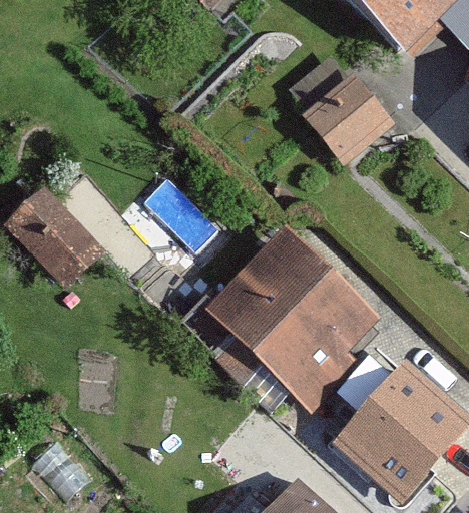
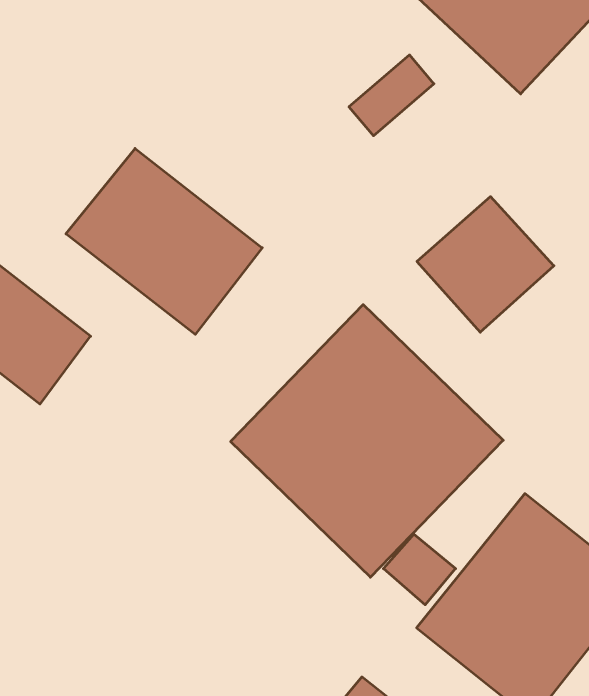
building: [299,66,394,160] -> [417,197,554,332]
building: none -> [66,148,262,334]

